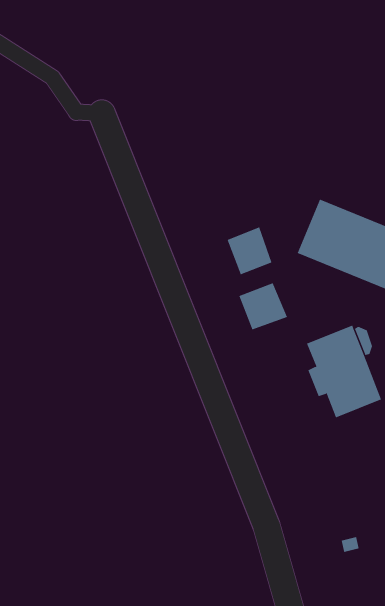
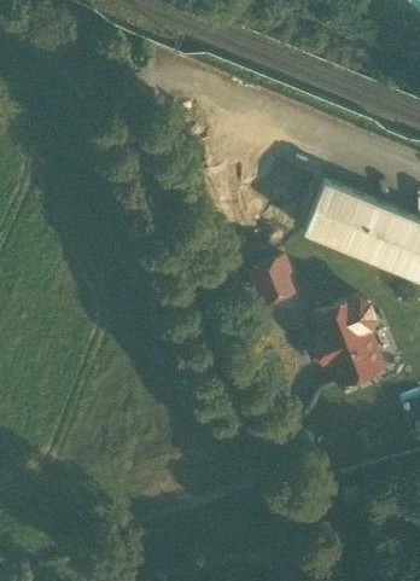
building: [227,226,272,275] -> none

